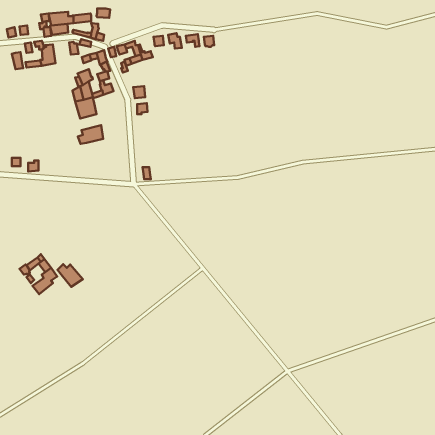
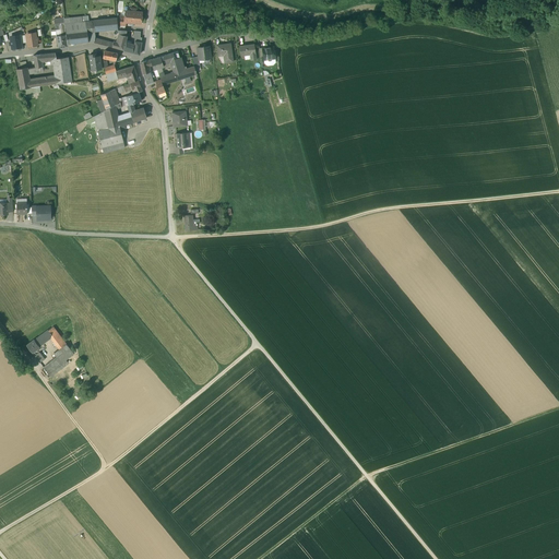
building: [78,125,103,144] -> none
building: [58,264,83,287] -> none

